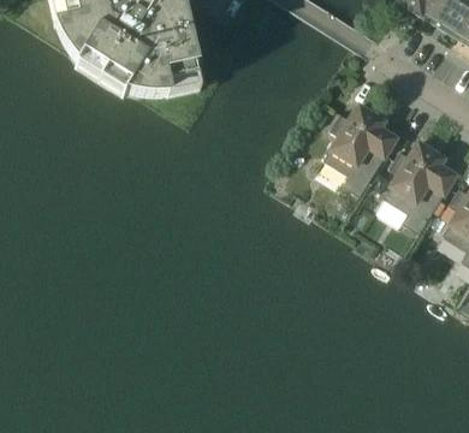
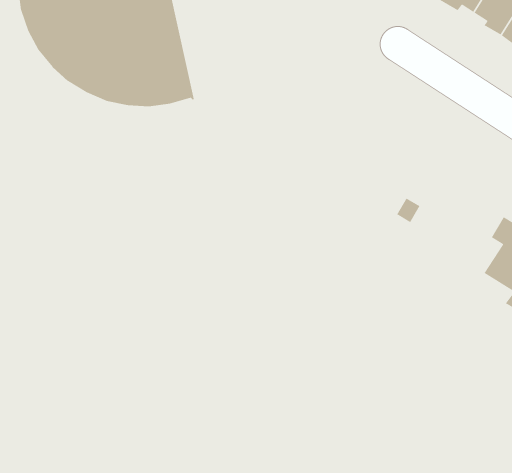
building: [323,105,396,197] -> none
building: [382,142,456,235] -> none

